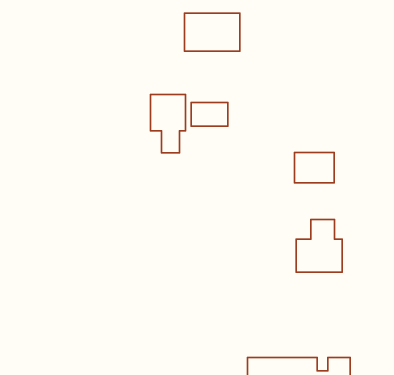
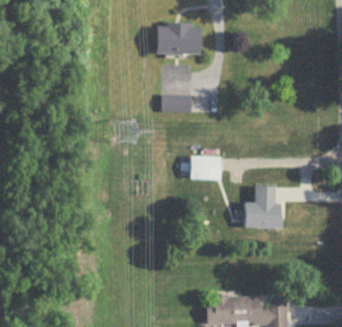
building: [150,95,185,153] -> none
building: [295,153,334,183] -> [191,156,222,180]

